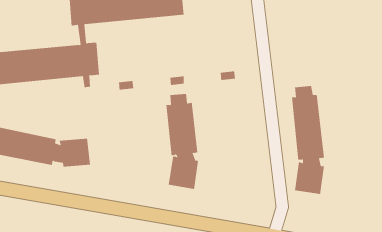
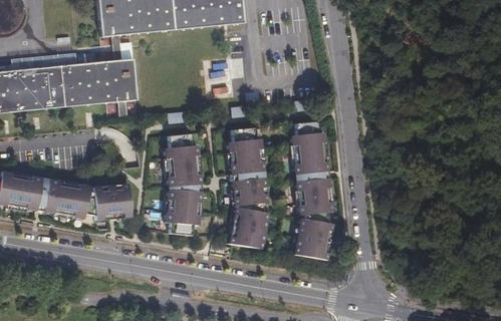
building: [291,86,325,195] -> [288,115,330,252]
building: none -> [161,127,199,230]

